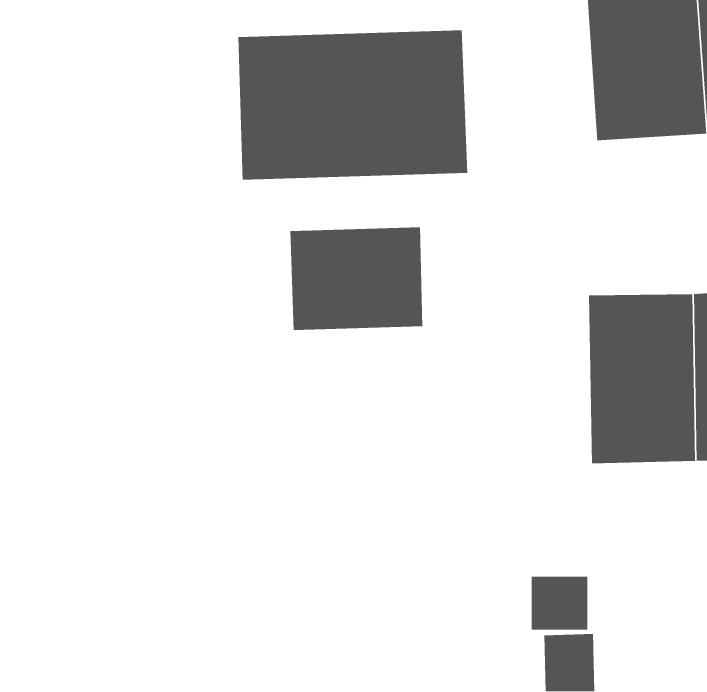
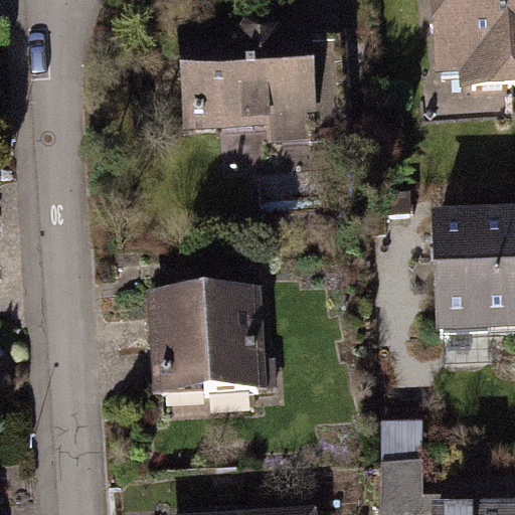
building: [290,227,423,331] -> none
building: none -> [151,289,265,410]

